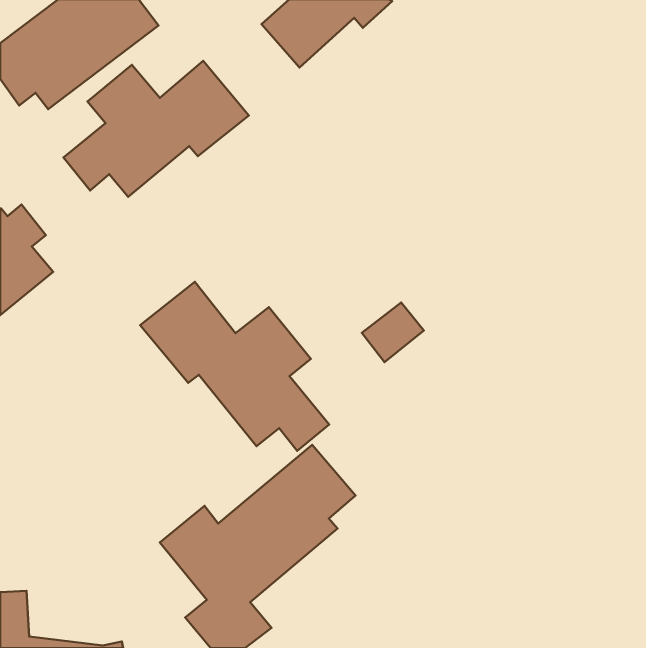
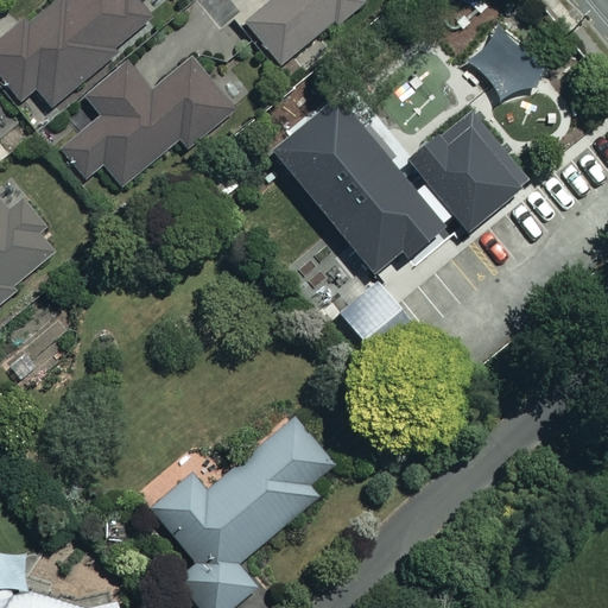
building: none -> [468,25,546,97]
building: none -> [273,99,446,276]
building: none -> [408,112,527,232]
building: [140,282,329,451] -> none

